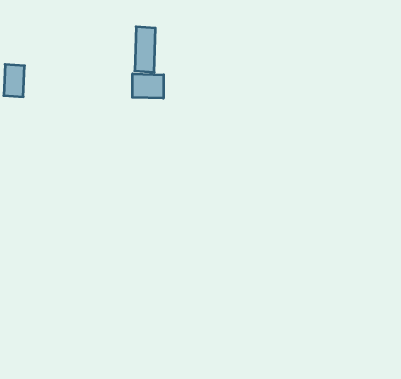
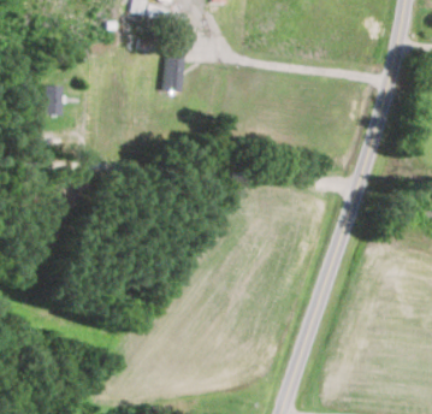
building: [132,74,164,98] -> none

